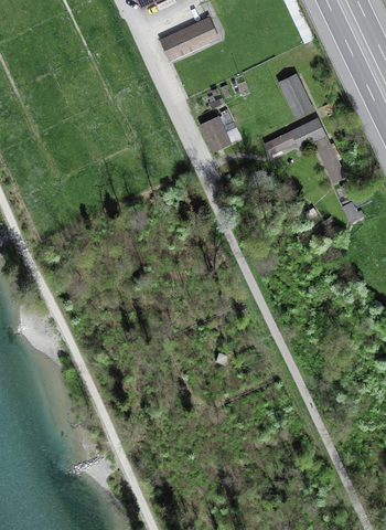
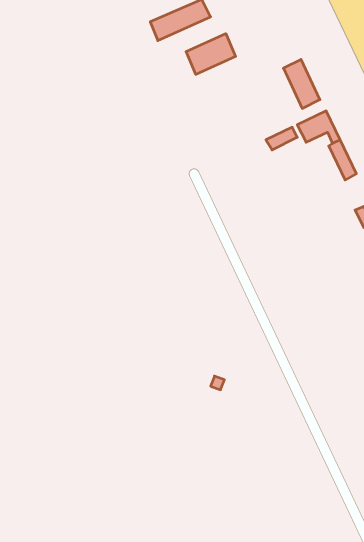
building: none -> [186,34,236,74]
building: [202,117,232,152] -> none

